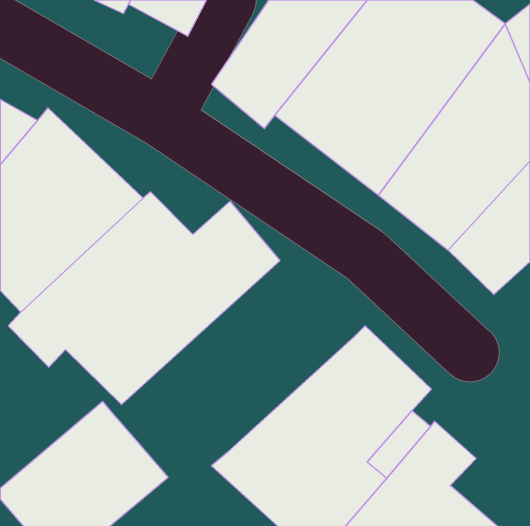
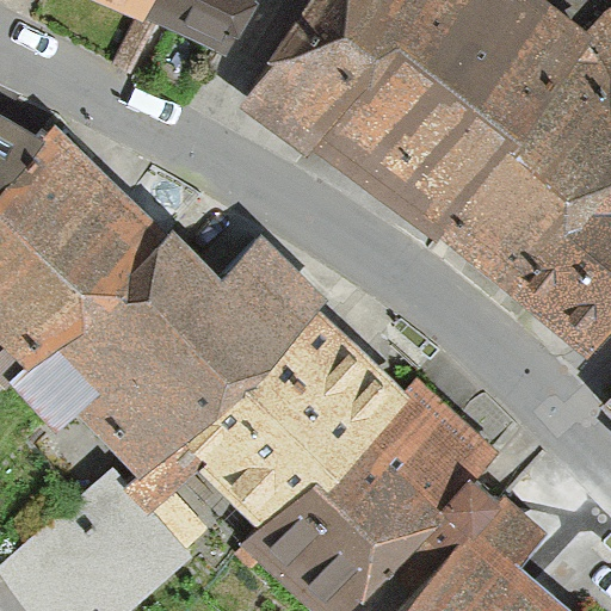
building: none -> [130,304,408,526]

